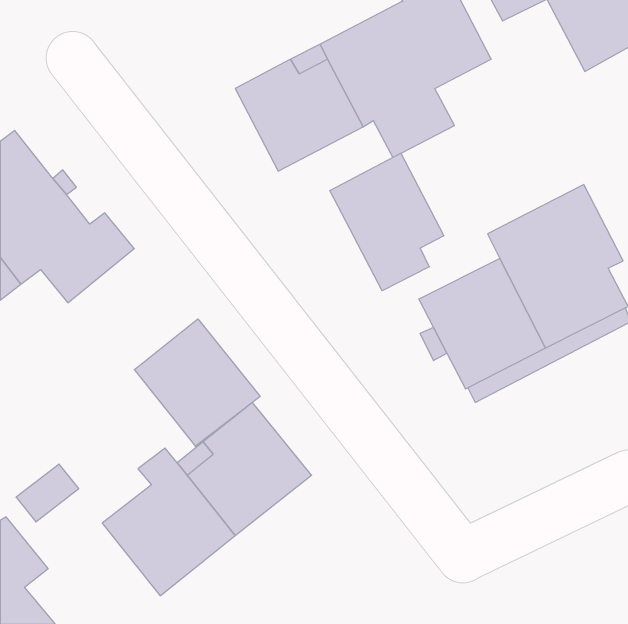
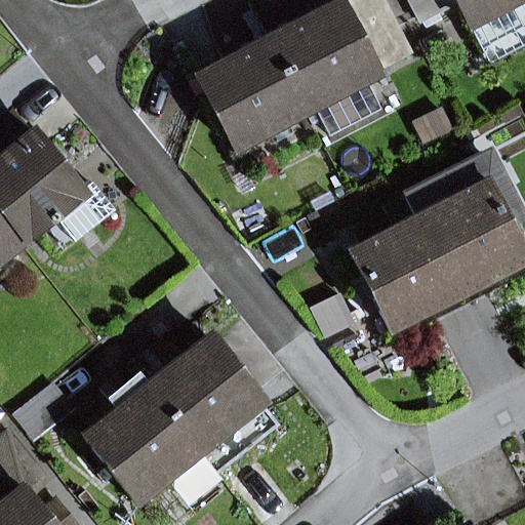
building: [330,153,444,291] -> none
building: [134,319,260,446] -> none

